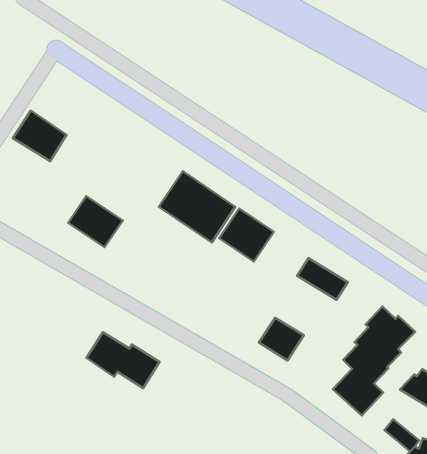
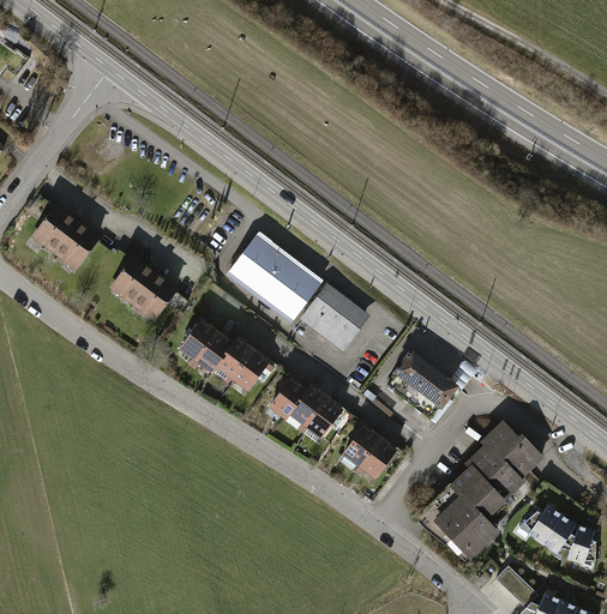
building: [13,110,67,161] -> [31,205,100,271]
building: none -> [269,378,345,440]
building: [86,332,160,388] -> [179,319,271,393]

